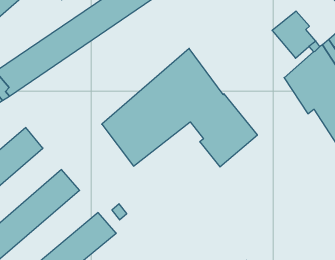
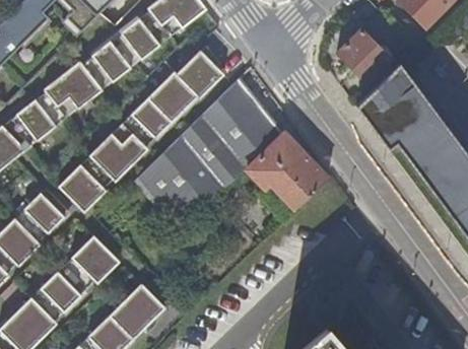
building: none -> [60,50,222,209]

